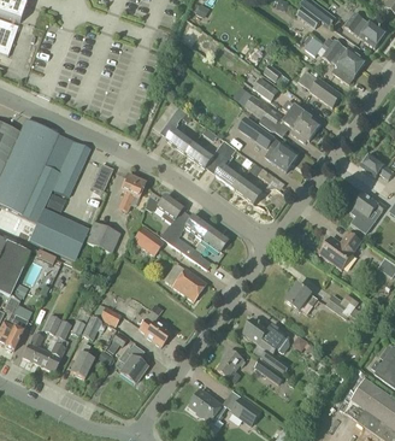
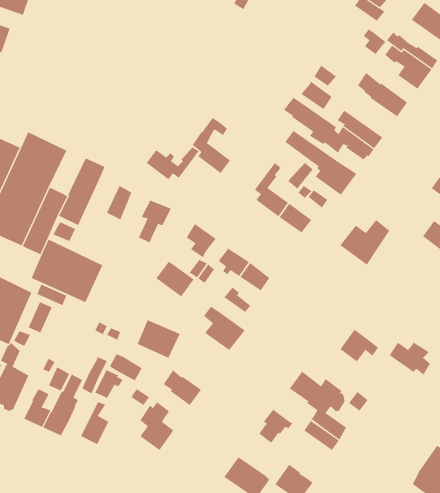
building: [185,140,230,167] -> [146,147,199,180]
building: [84,220,120,253] -> [137,319,180,359]
building: [318,230,360,269] -> [340,219,390,266]

